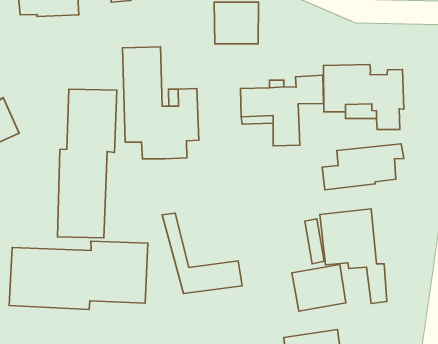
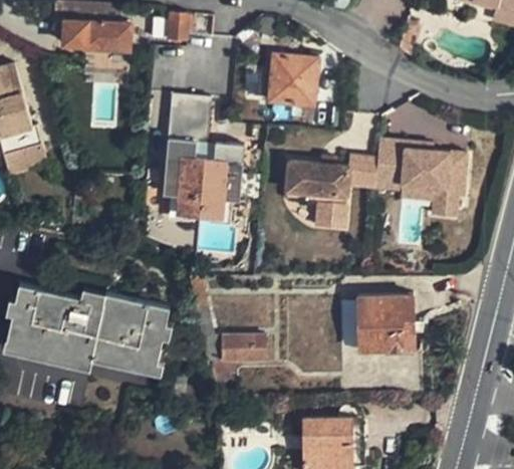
building: [57,89,117,238] -> none
building: [322,144,404,190] -> none
building: [292,265,346,311] -> none

